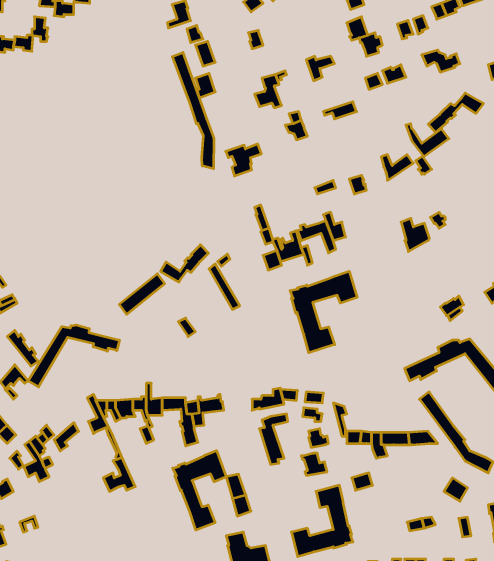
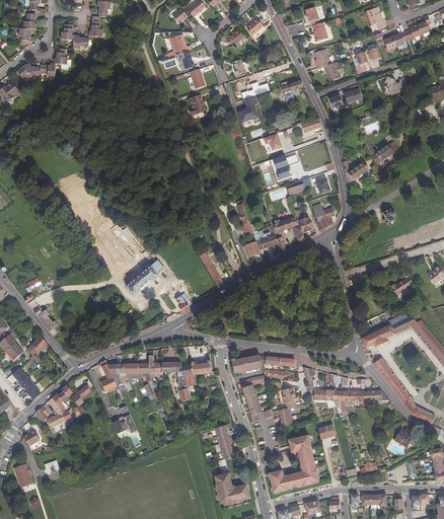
building: [172,52,214,169] -> none
building: [428,93,483,133] -> none
building: [226,144,261,176] -> [269,153,298,179]
building: [401,218,429,252] -> [312,203,336,230]
building: [161,245,208,282] -> none
building: [290,271,357,353] -> none
building: [28,325,119,387] -> none
building: [173,451,226,530] -> none

